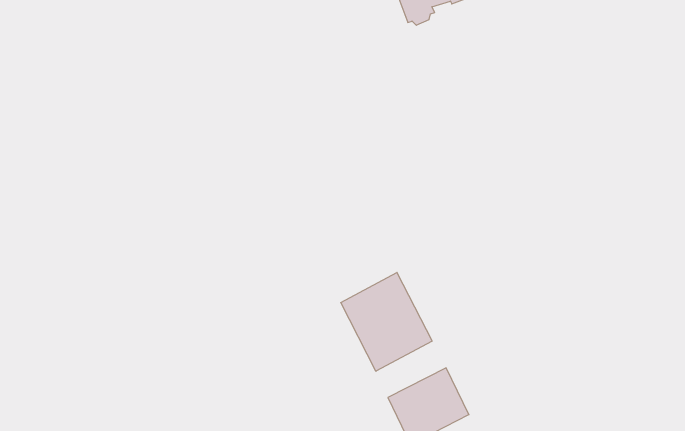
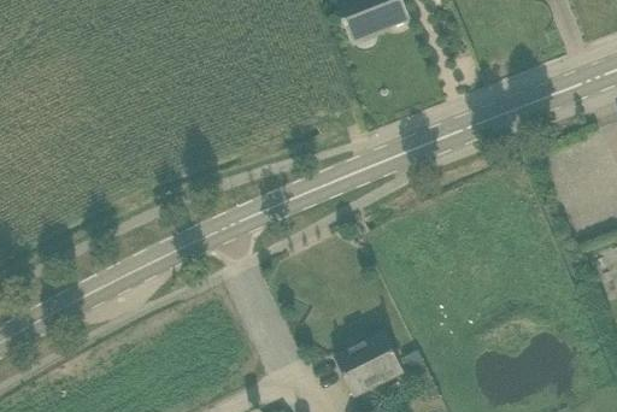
building: [341,272,432,371] -> none

